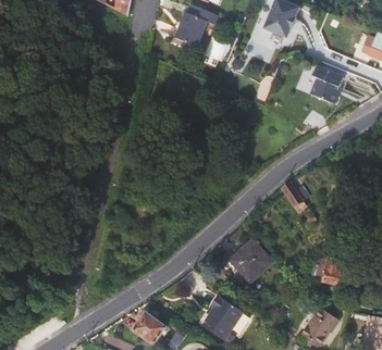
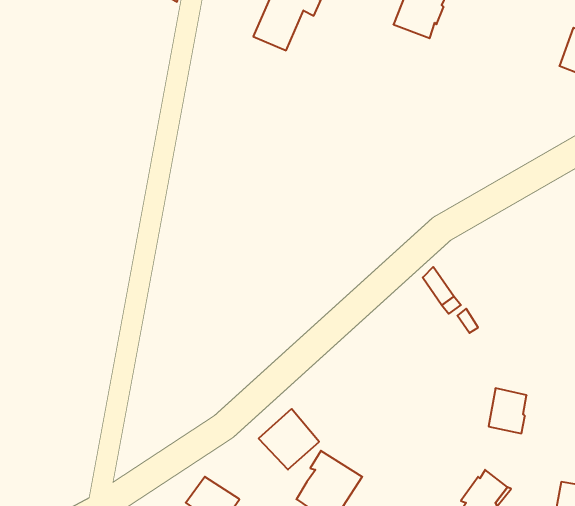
building: [309,67,343,105] -> none
building: [231,242,269,280] -> [259,409,319,470]

